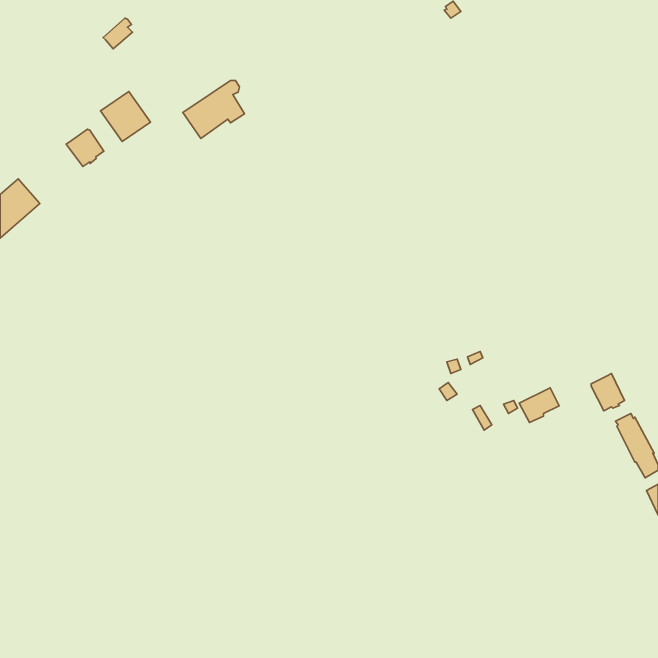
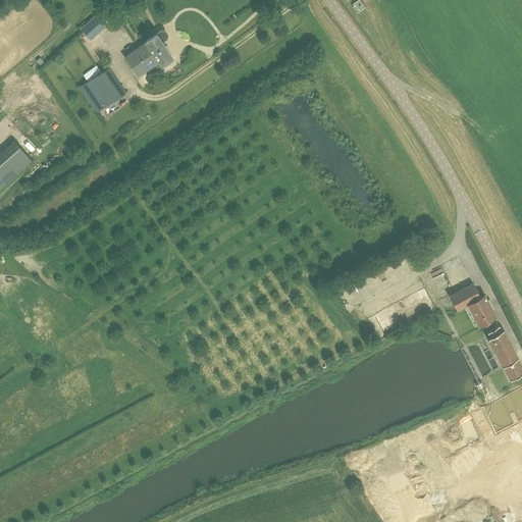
building: [183,80,245,138] -> [123,32,172,77]
building: [66,129,104,166] -> none
building: [519,388,559,423] -> [449,283,480,311]

